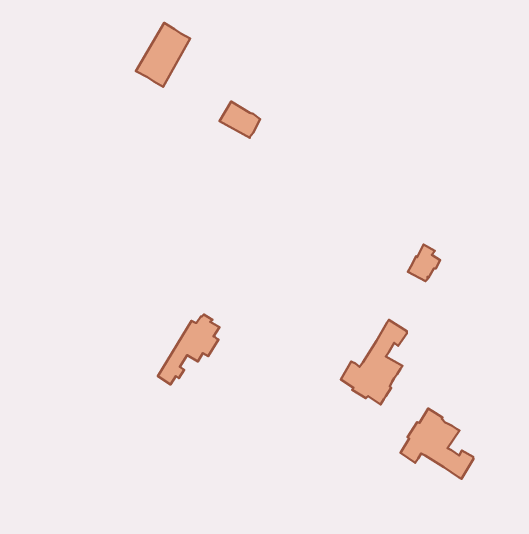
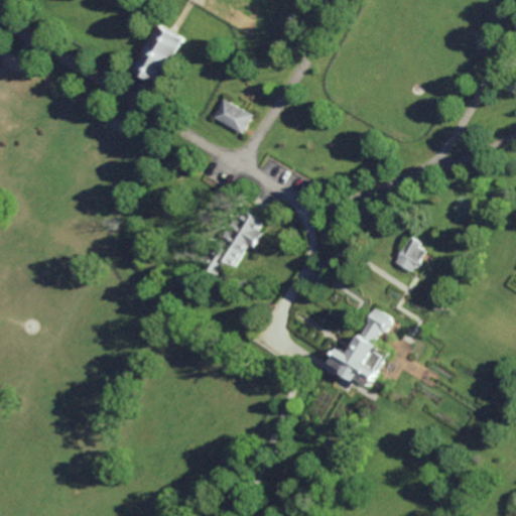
building: [158,314,220,384] -> [202,209,261,276]
building: [400,408,474,479] -> none

